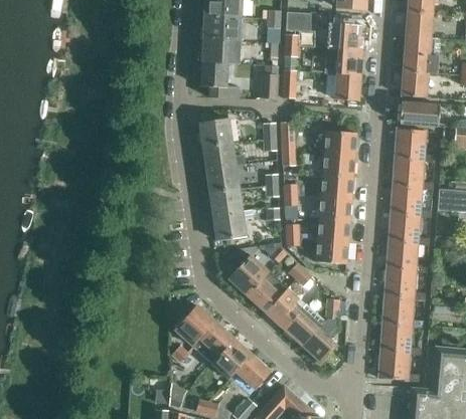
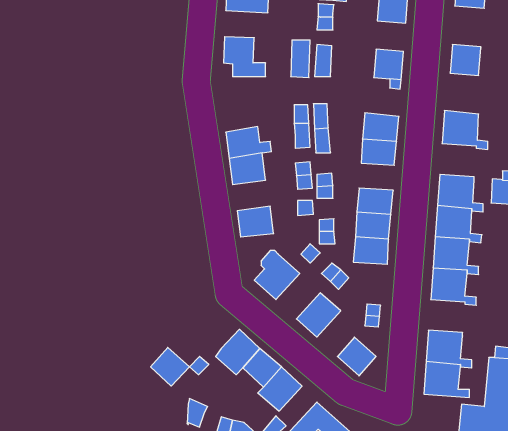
building: [404,36,440,74] -> none
building: [202,40,241,64] -> none
building: [336,49,362,76] -> none
building: [400,102,441,127] -> none
building: [199,120,231,148] -> none
building: [393,158,434,191] -> none
building: [321,175,352,199] -> none
building: [209,190,243,217] -> none
building: [248,272,287,312] -> none
building: [382,295,423,329] -> none
building: [181,304,215,339] -> [151,347,189,386]
building: [284,305,324,346] -> none

